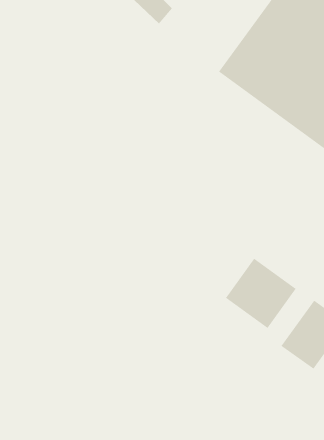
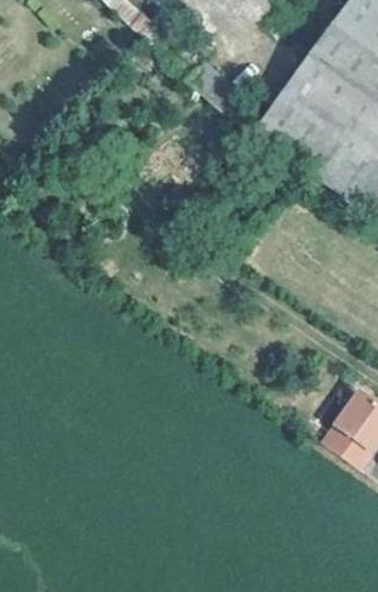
building: [225,258,297,329] -> none

